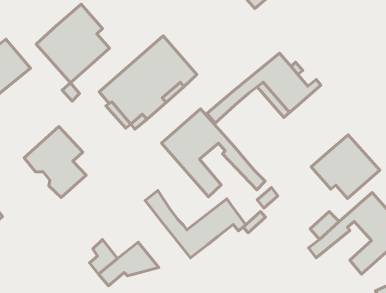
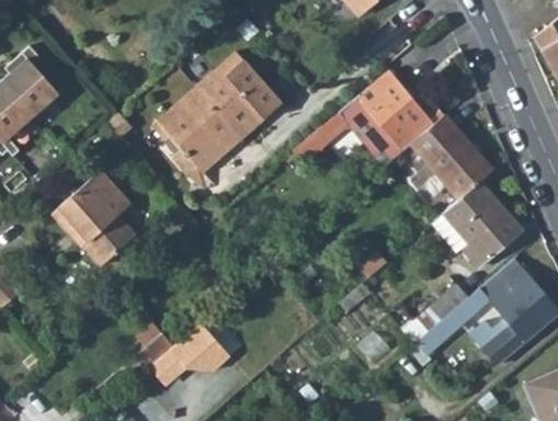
building: [36,4,109,83] -> none
building: none -> [411,114,493,201]
building: [162,109,265,197] -> none
building: [145,190,246,258] -> none

